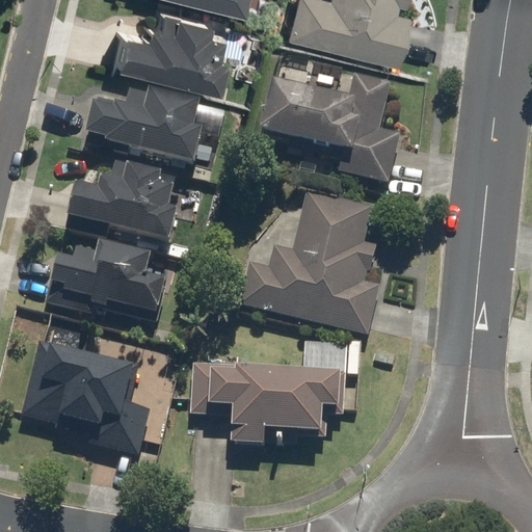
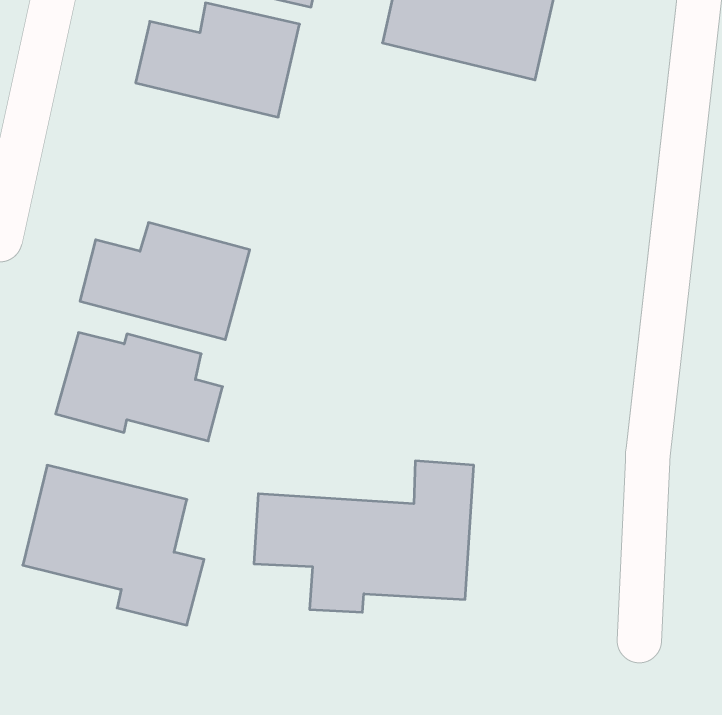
building: [257,71,405,185] -> none
building: [82,85,209,166] -> none
building: [241,188,384,335] -> none

